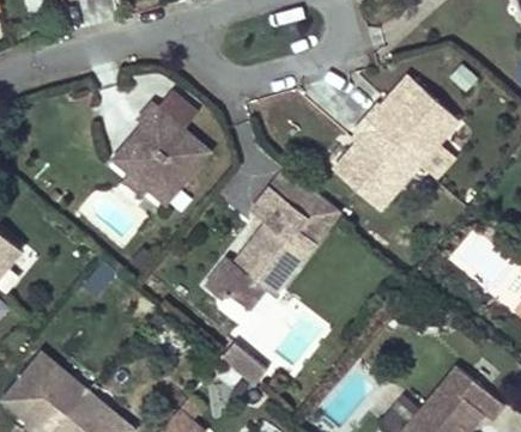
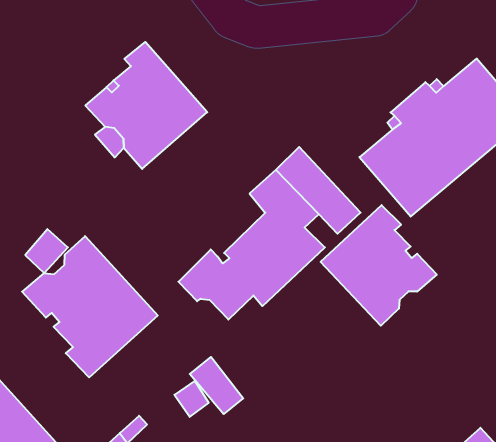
building: none -> [321,205,437,326]
building: none -> [22,236,158,377]

